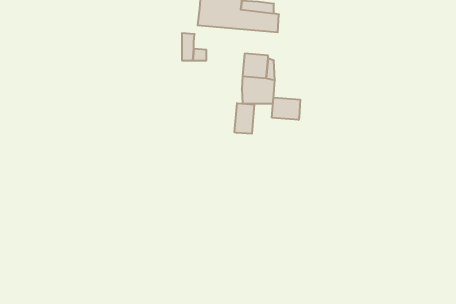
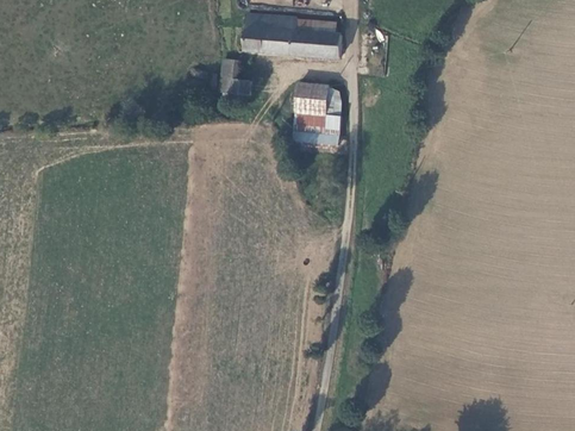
building: [272,97,300,120] -> none
building: [235,103,254,134] -> none

